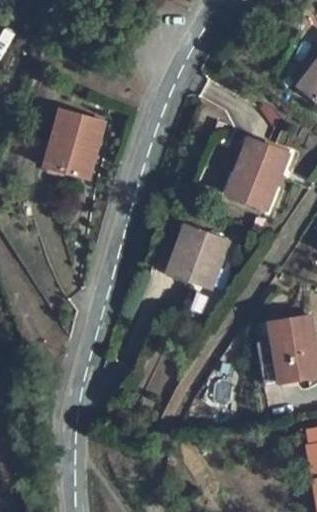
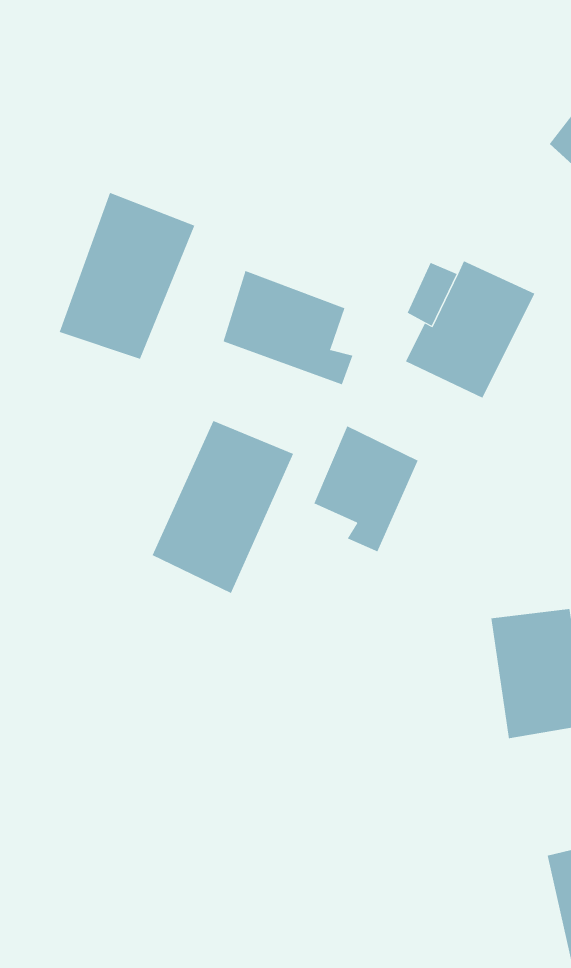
building: none -> [223,270,353,385]
building: none -> [152,420,294,594]

